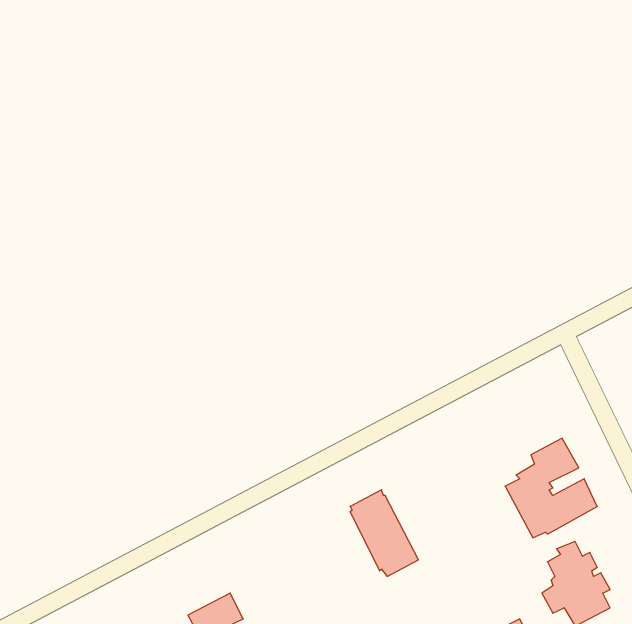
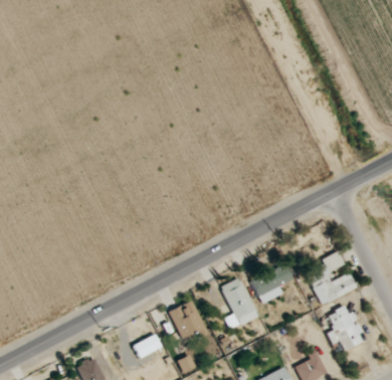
building: none -> [251,263,293,304]
building: none -> [168,300,208,339]

